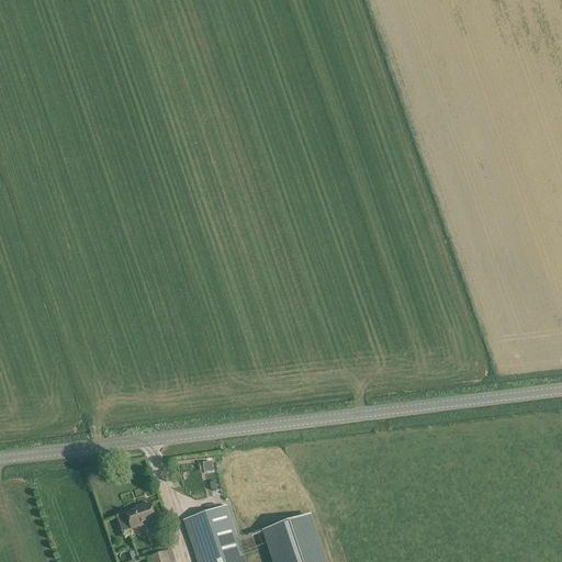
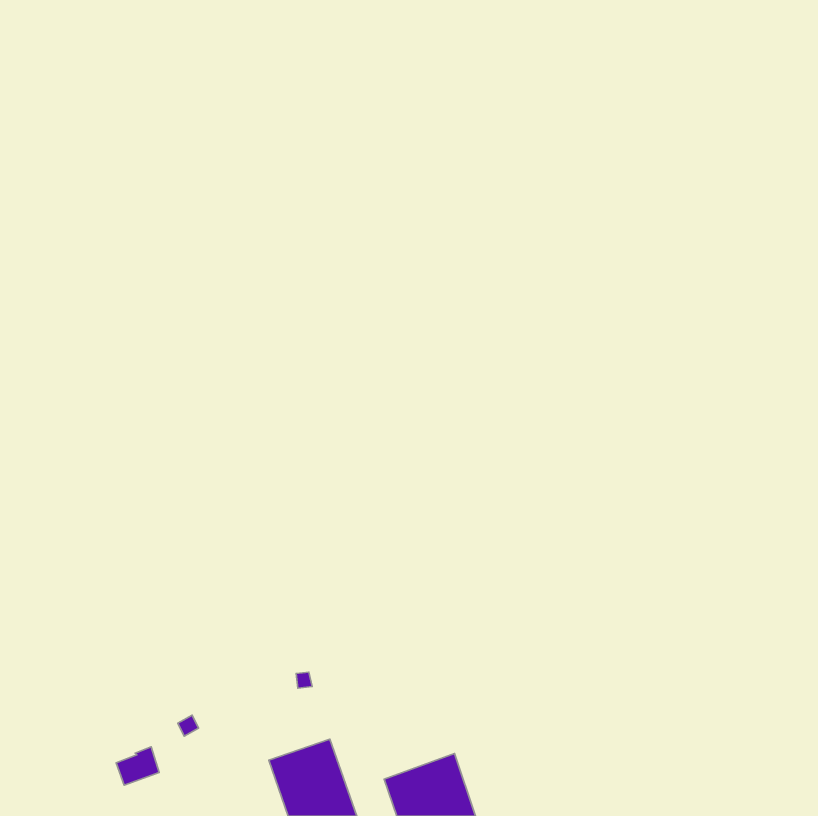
building: [126,503,156,529] -> [116,747,159,785]

